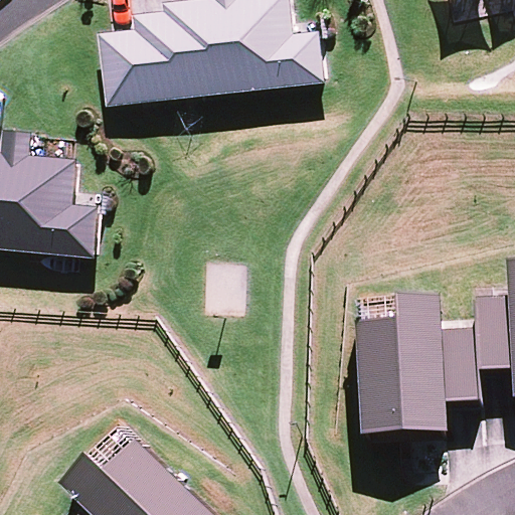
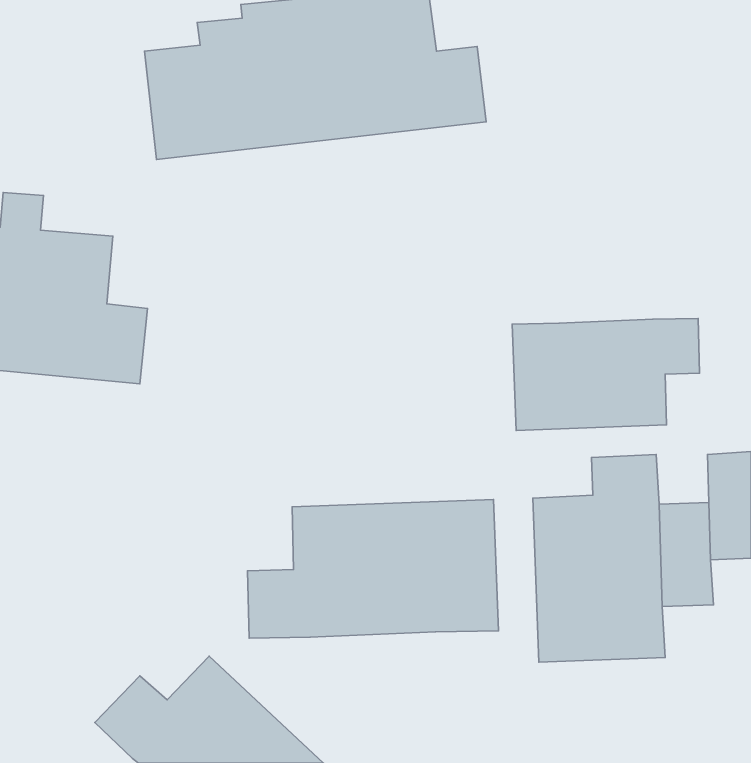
building: none -> [512,319,700,430]
building: none -> [247,499,498,638]

